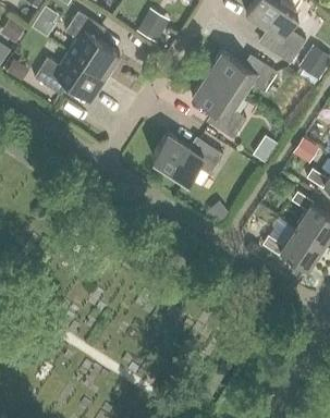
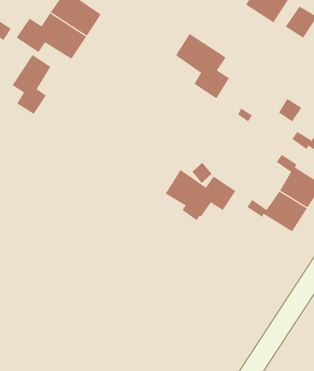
building: [206,51,277,98] -> none
building: none -> [12,54,51,115]
building: [151,134,222,185] -> [165,169,236,221]

